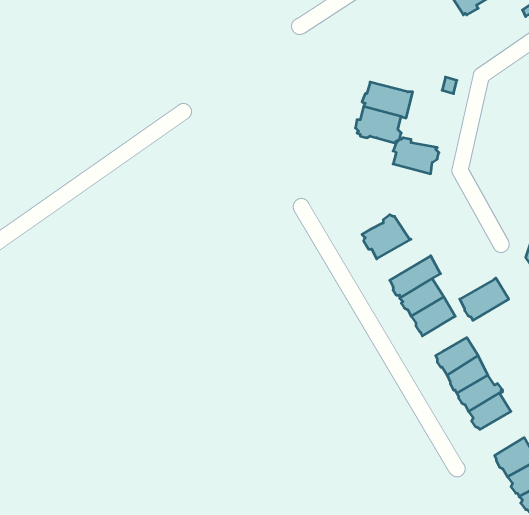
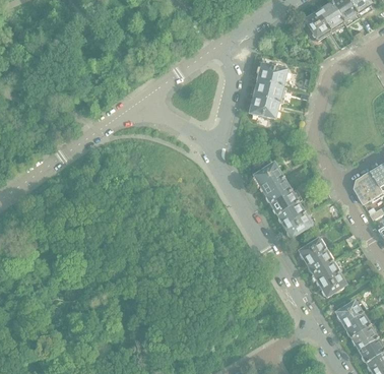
building: [393,138,439,174] -> [258,64,286,86]
building: [460,278,509,320] -> [262,177,293,203]

